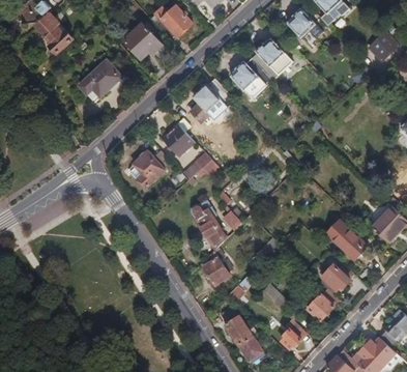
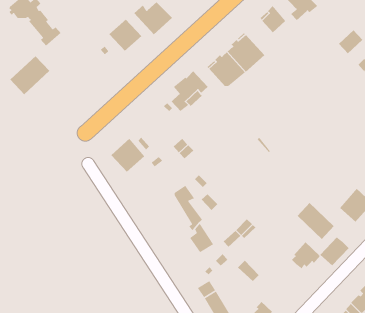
building: [79,59,122,102] -> [10,56,50,95]
building: [161,124,194,156] -> none
building: [308,289,340,321] -> [320,237,349,266]

